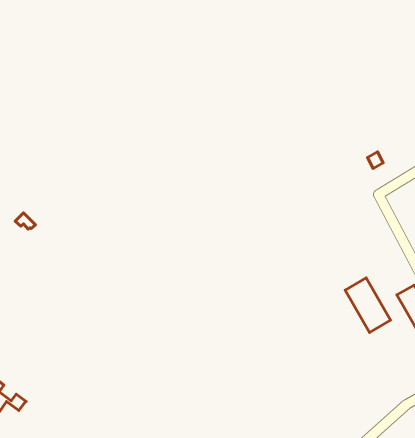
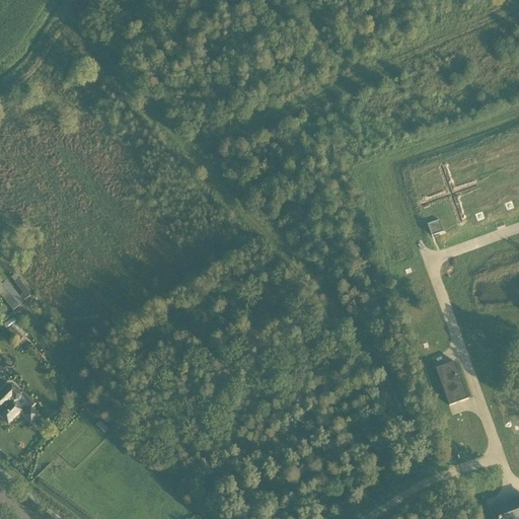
building: [345,278,391,332] -> none

